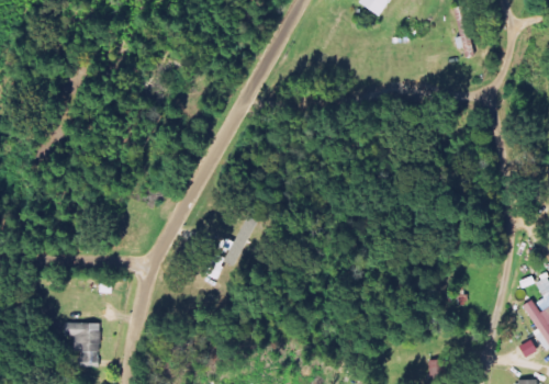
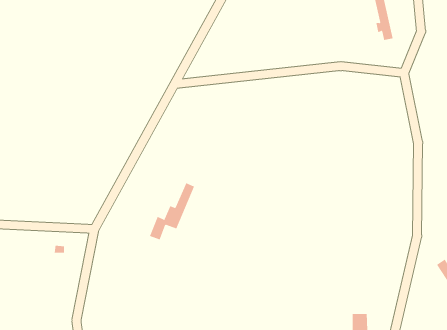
building: [64,323,99,364] -> none

